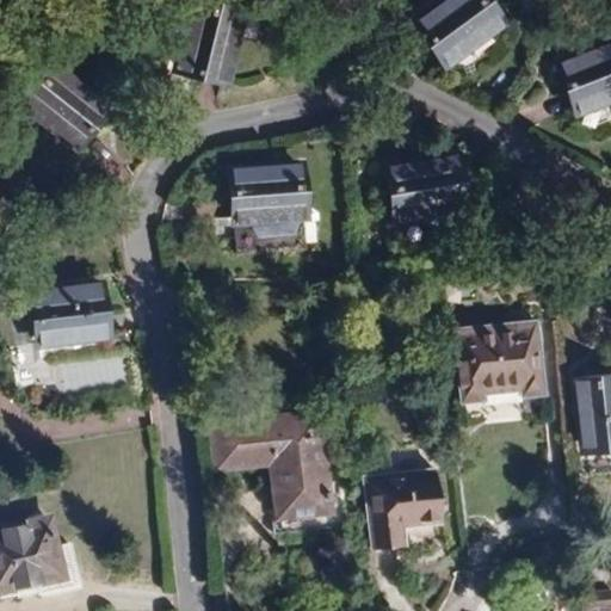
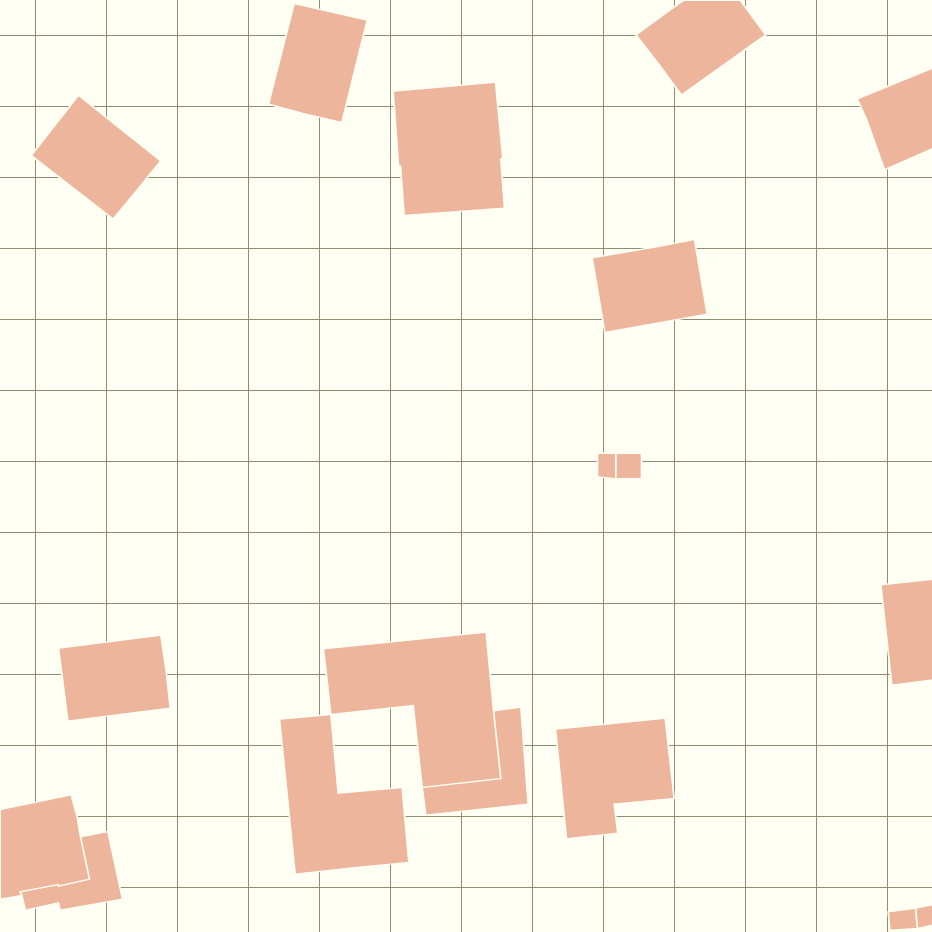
building: [232,166,304,253] -> [393,82,505,215]
building: [32,286,105,342] -> [59,635,170,721]
building: [455,322,543,402] -> none
building: none -> [279,715,409,874]

